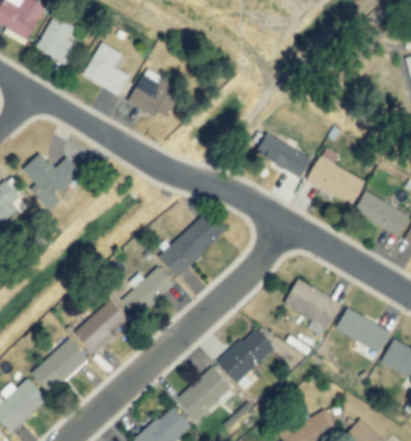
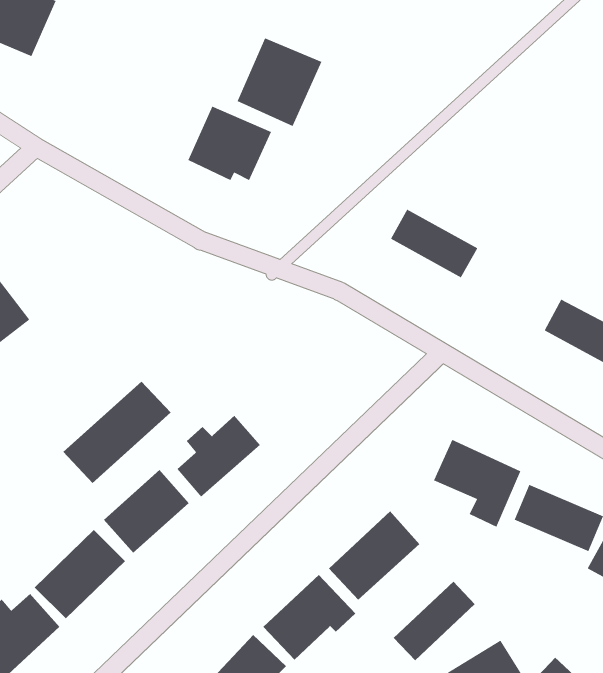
building: [36,15,75,64] -> none
building: none -> [237,38,322,127]
building: [82,42,128,95] -> none
building: [308,149,365,204] -> none
building: [21,153,82,207] -> none
building: [158,210,227,276] -> [63,381,171,484]
building: none -> [393,581,476,661]

